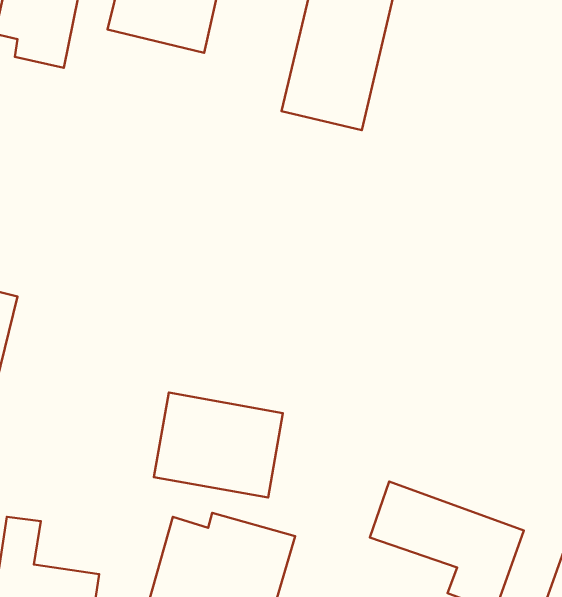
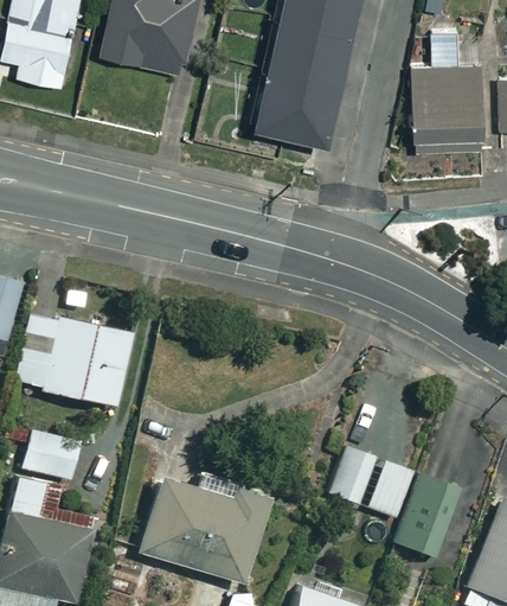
building: none -> [415,32,483,152]
building: [154,393,283,497] -> [19,314,131,406]
building: none -> [21,429,79,479]

